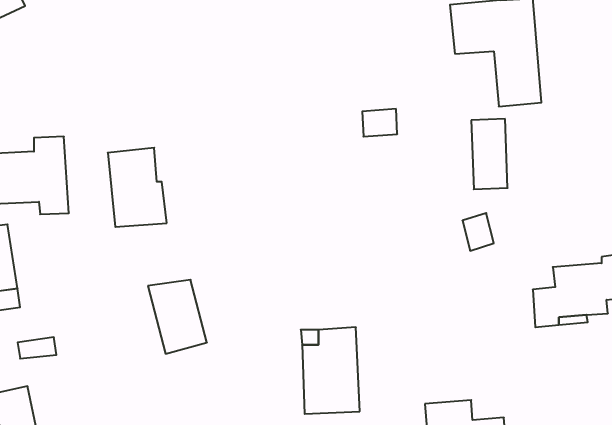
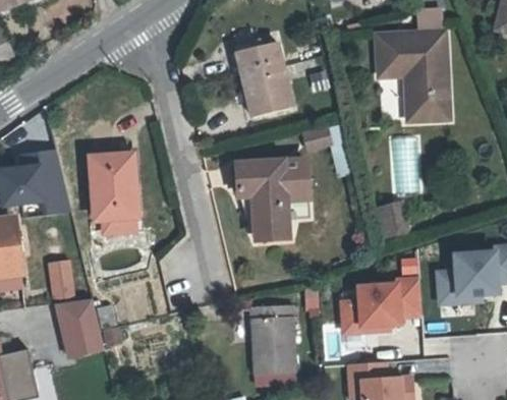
building: none -> [237,44,293,119]
building: none -> [236,157,308,237]
building: none -> [46,259,72,298]
building: [148,280,207,354] -> [56,298,104,358]
building: none -> [341,280,421,334]

